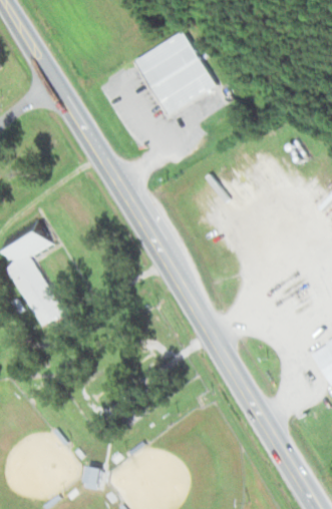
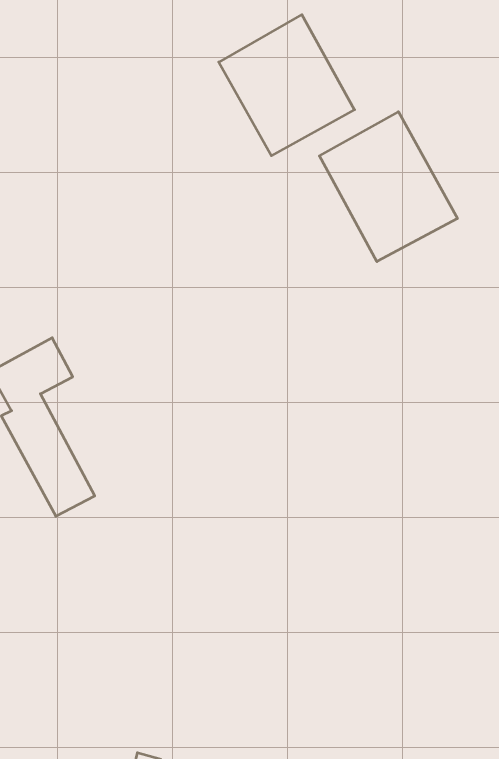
building: none -> [319,112,457,262]

